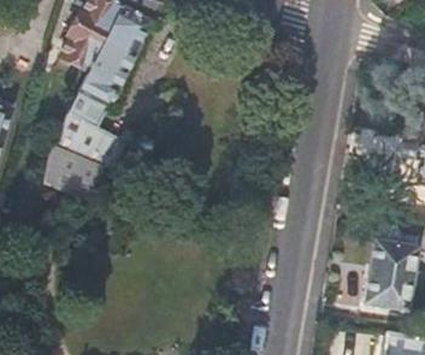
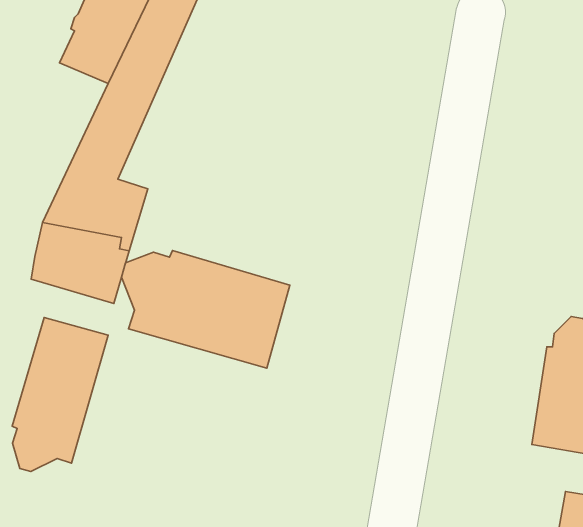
building: none -> [122,250,290,368]
building: none -> [12,318,108,471]

